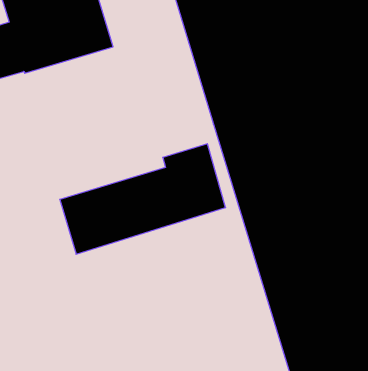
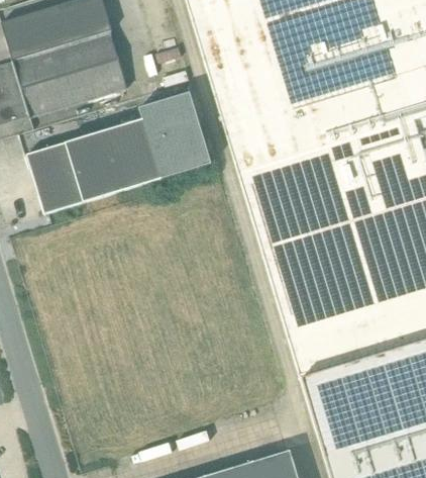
building: [60,144,226,254] -> [26,93,210,215]

